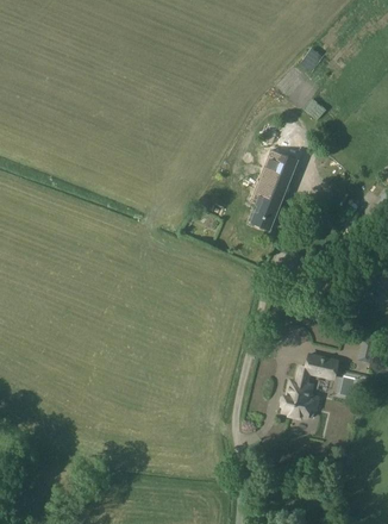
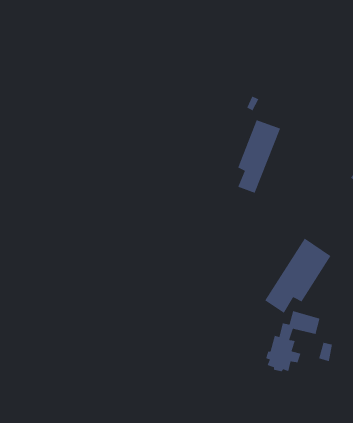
building: none -> [264,237,332,314]

